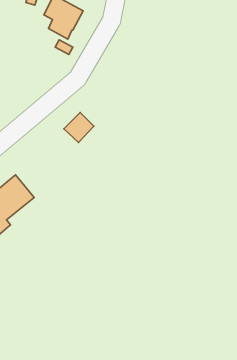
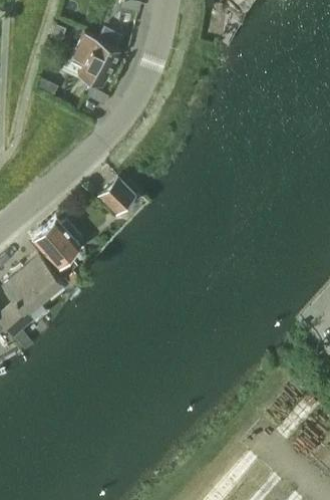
building: none -> [31,218,81,285]

